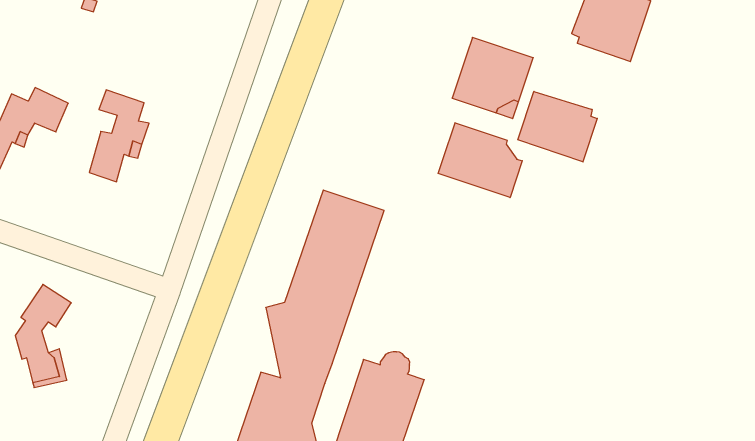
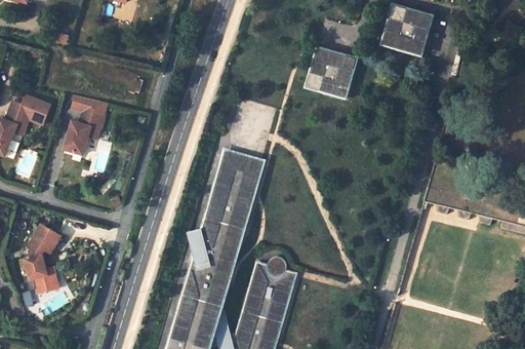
building: [518,91,597,162] -> none
building: [438,123,522,198] -> none

